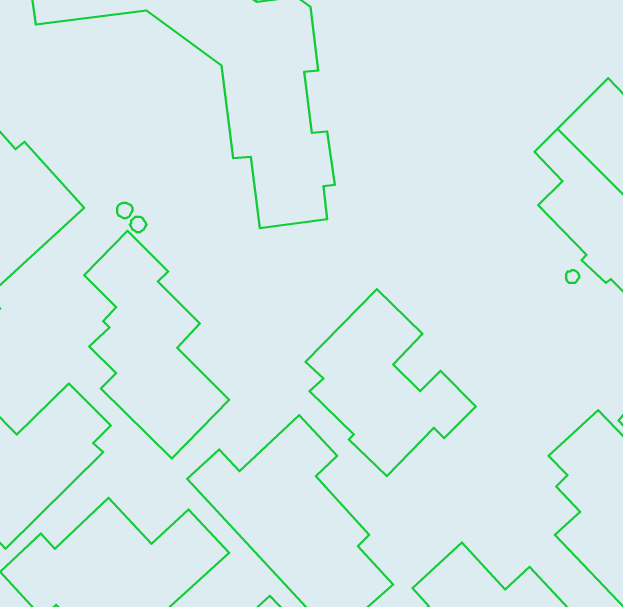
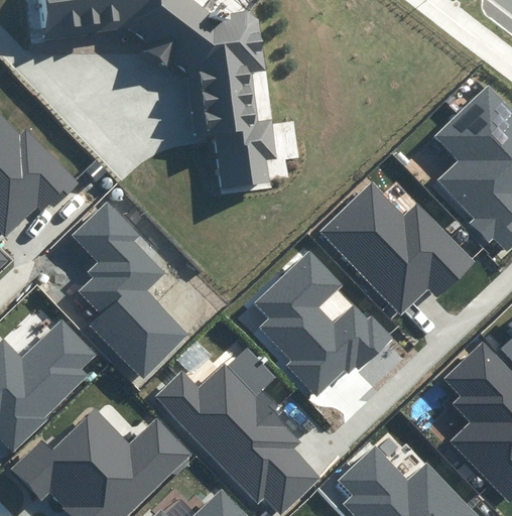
building: none -> [319,179,473,313]

